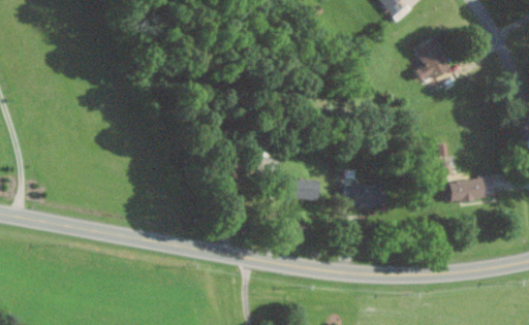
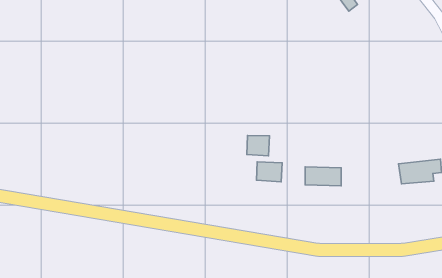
building: [414,38,450,78] -> none
building: none -> [247,135,269,156]

